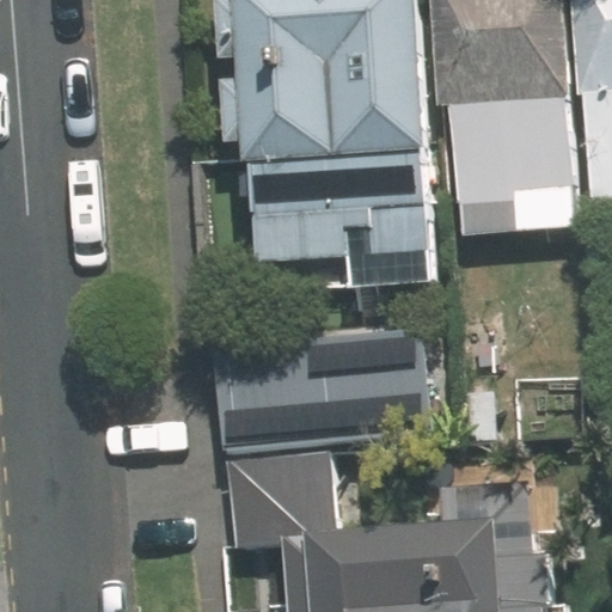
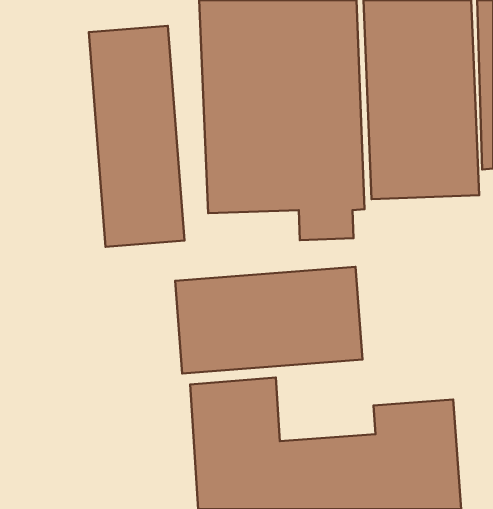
building: none -> [89,26,184,247]

